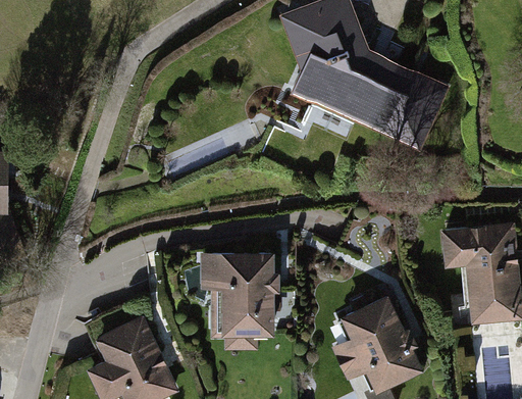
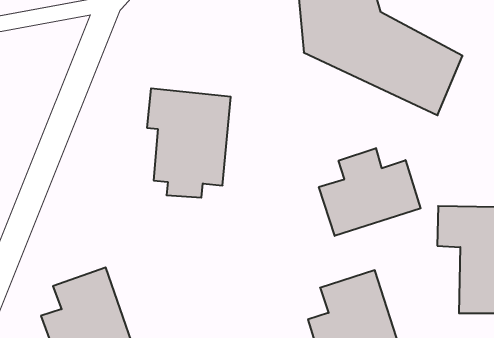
building: none -> [319,148,421,236]
building: [199,252,274,349] -> [147,88,231,198]

